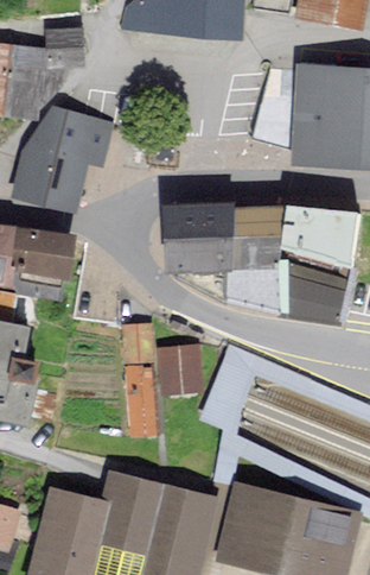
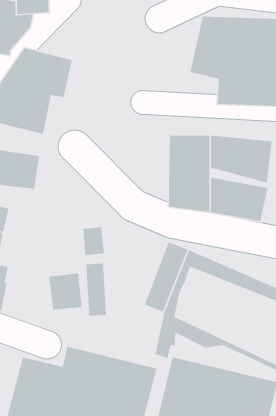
building: [165,210,229,273] -> none
building: [159,346,200,392] -> [49,272,83,310]

